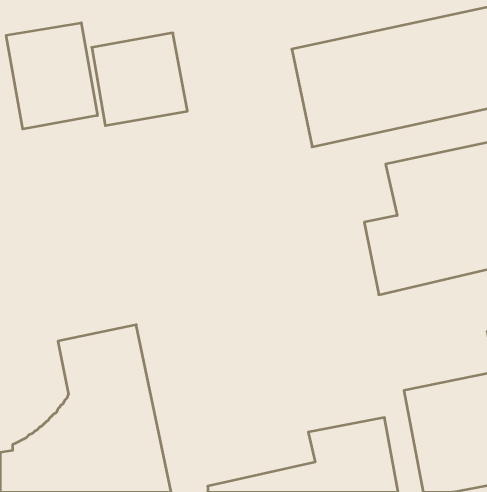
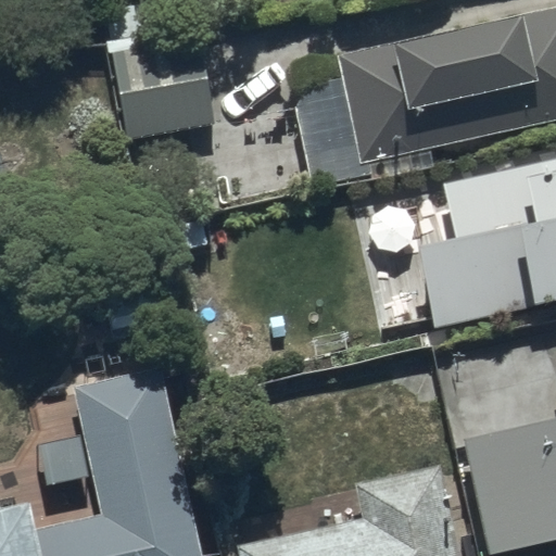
building: [6,23,97,129] -> none

